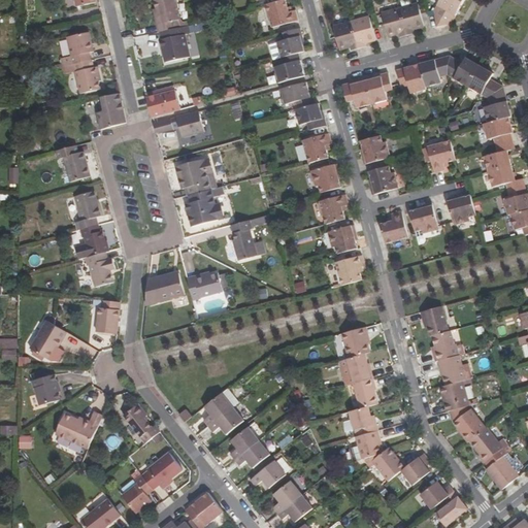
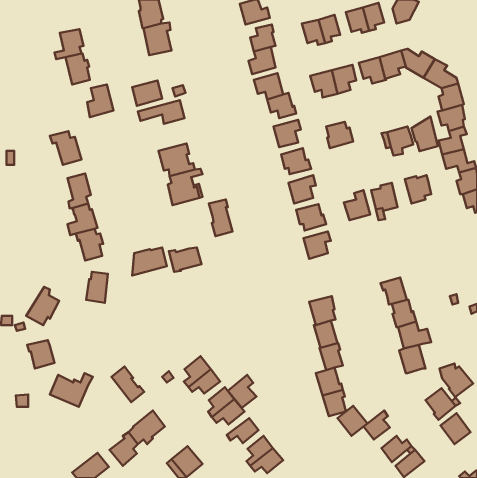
building: none -> [412,117,438,151]
building: [367,164,397,194] -> none
building: [449,405,486,442] -> [440,364,473,397]
building: none -> [228,375,257,408]

